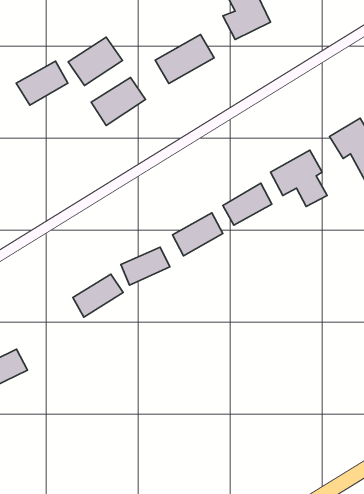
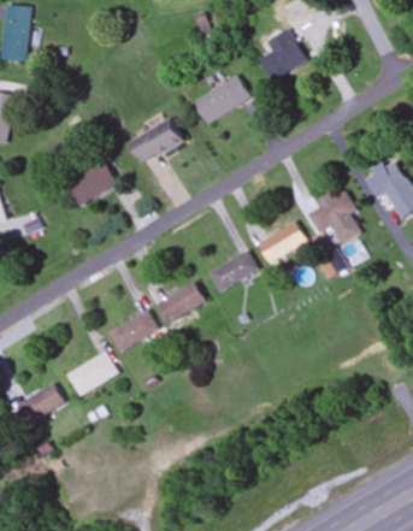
building: [68,37,122,86] -> none
building: [16,61,68,105] -> [64,163,114,206]
building: none -> [67,352,119,395]

